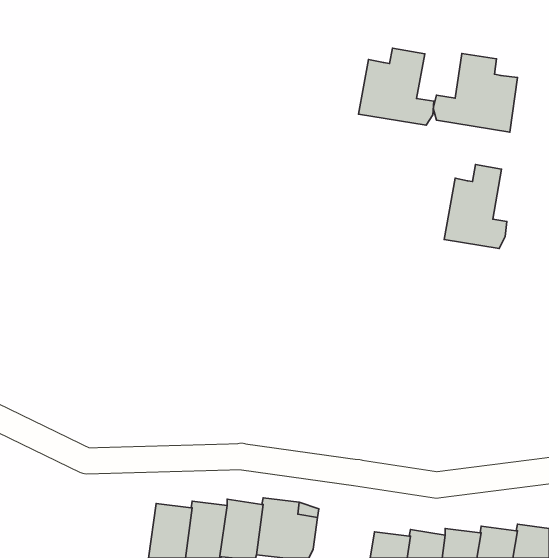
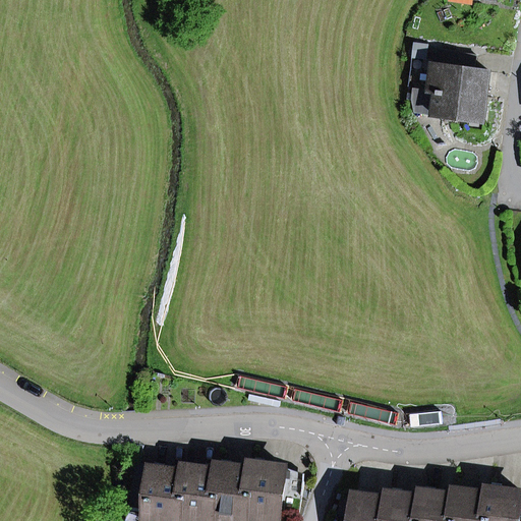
building: [358,48,434,125] -> none
building: [444,164,507,248] -> none

